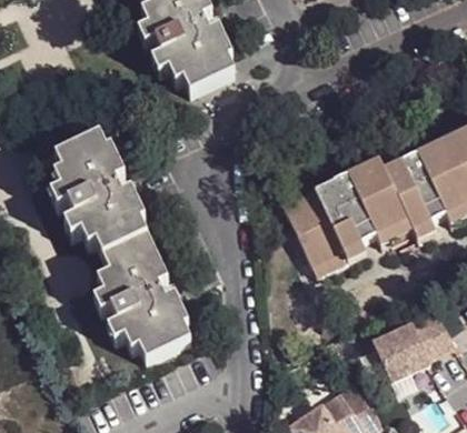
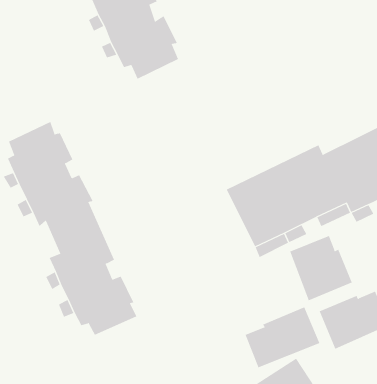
building: none -> [289,235,353,301]
building: none -> [245,306,320,368]

